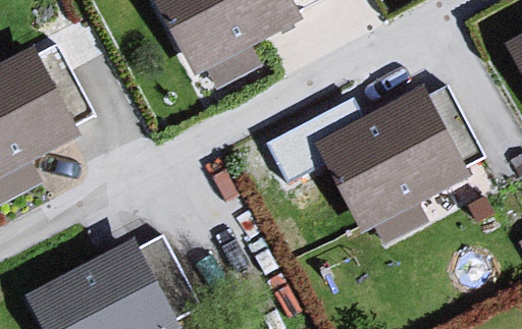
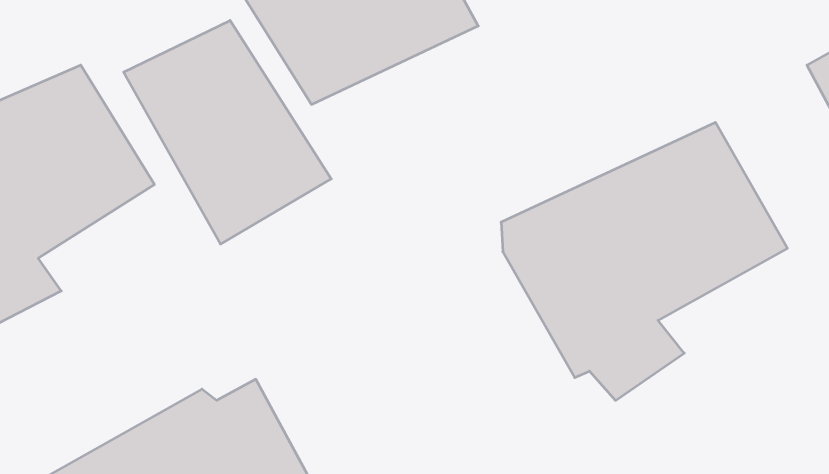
building: none -> [124,20,331,244]

